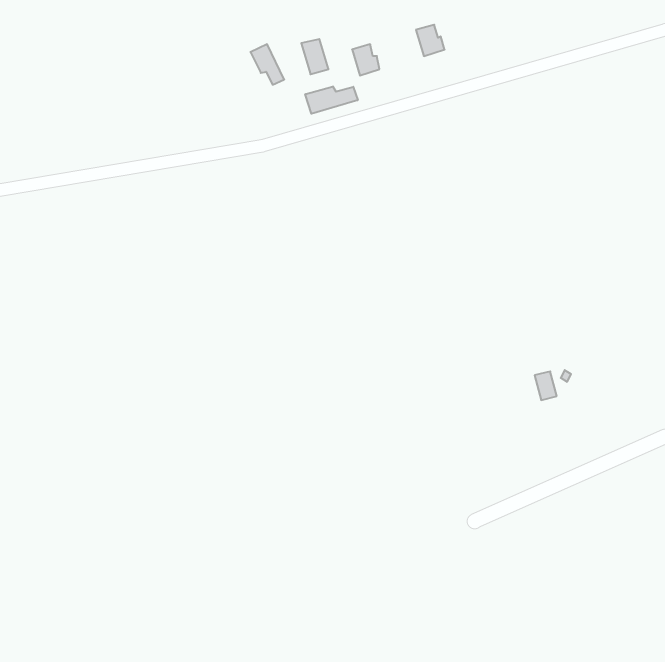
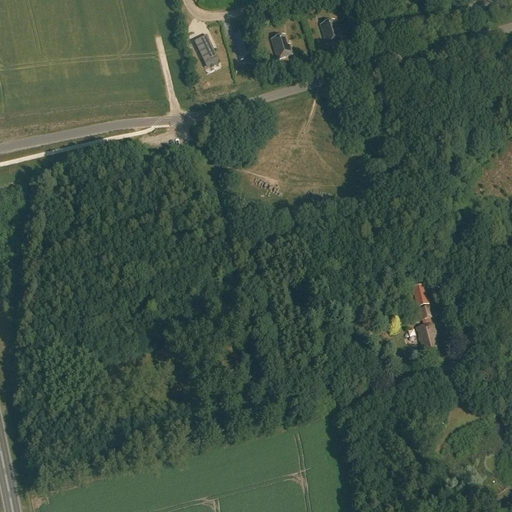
building: [305,86,358,114] -> none
building: none -> [414,307,437,353]

